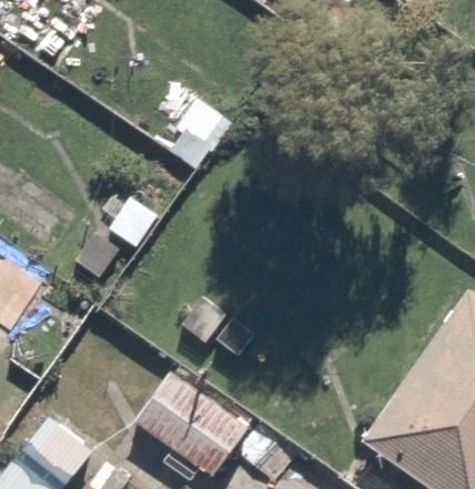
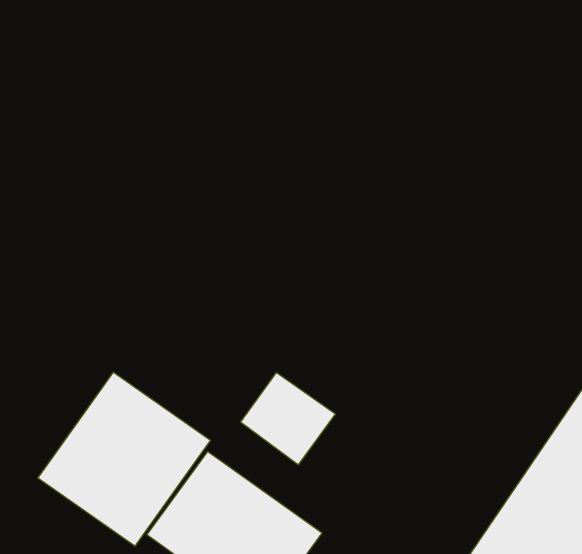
building: none -> [38,372,211,546]

